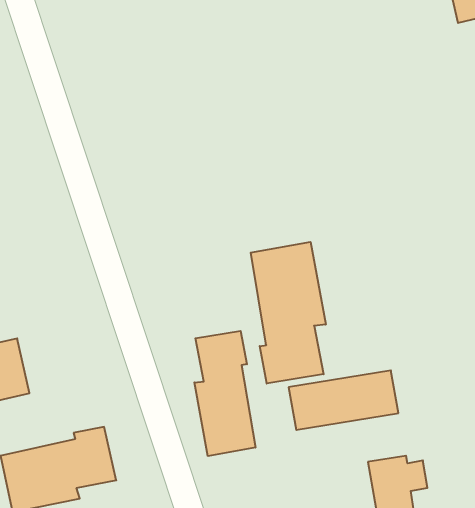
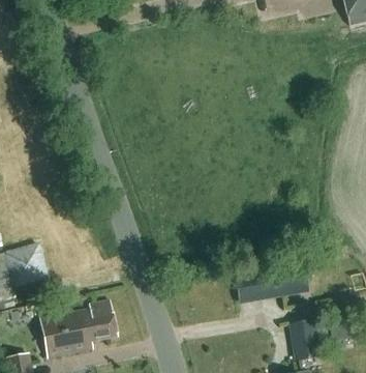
building: [251,242,326,384] -> none
building: [194,331,255,456] -> none

